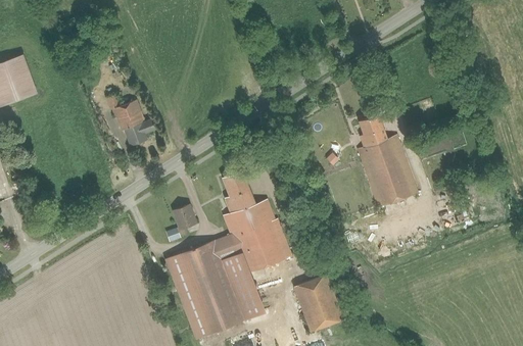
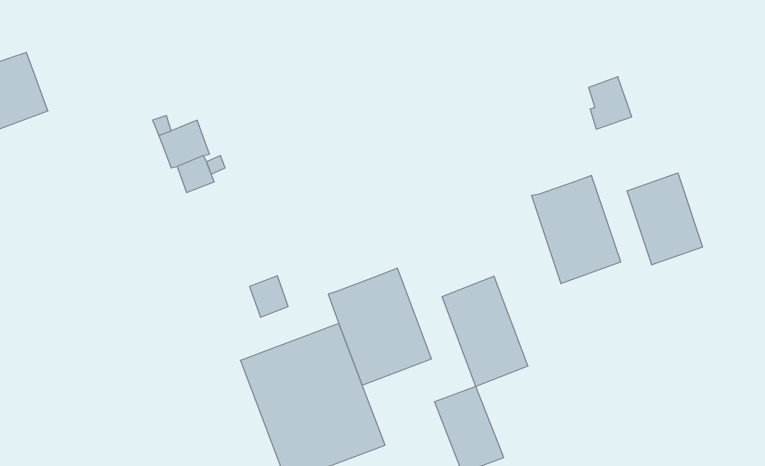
building: [359,113,387,148] -> [589,77,632,129]
building: none -> [627,173,703,265]
building: [221,168,254,212] -> none
building: none -> [442,276,528,387]

